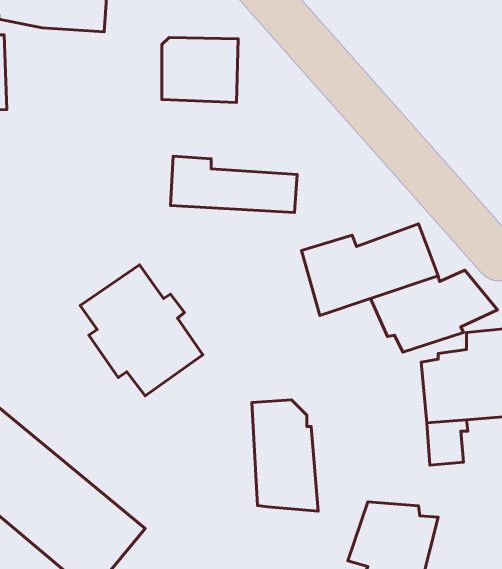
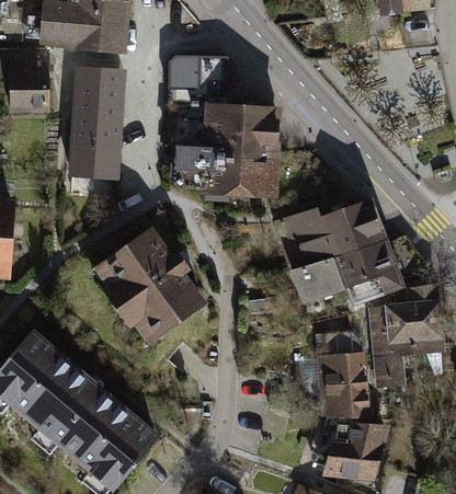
building: none -> [71,68,123,180]
building: none -> [169,104,278,162]
building: none -> [292,259,344,303]
building: [252,400,318,511] -> [317,333,368,420]

